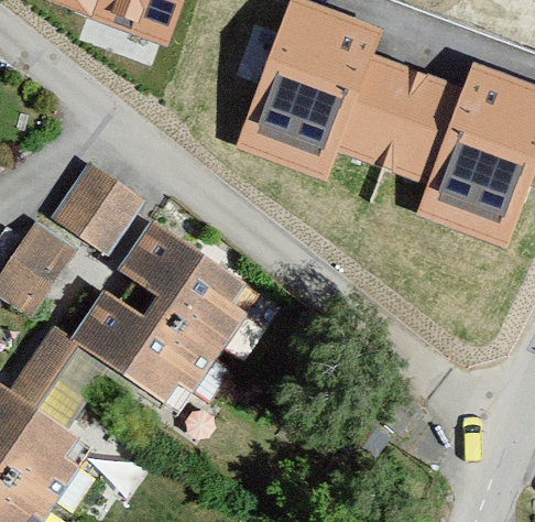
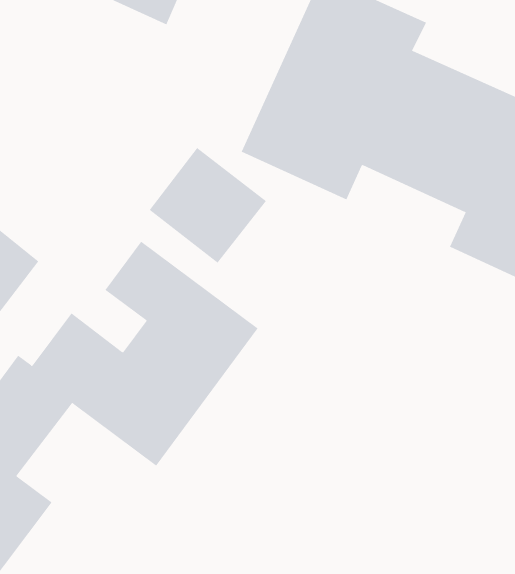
building: [44,159,142,254] -> [149,147,267,264]

